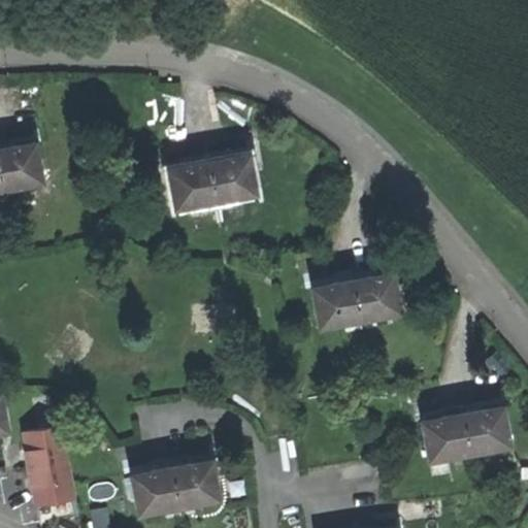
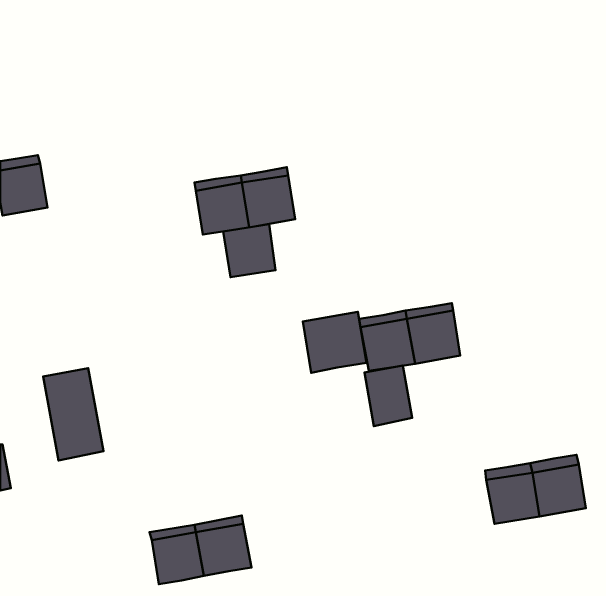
building: none -> [223,224,275,277]
building: none -> [303,312,366,373]
building: none -> [364,366,412,426]
building: [24,431,76,512] -> [43,368,104,461]

